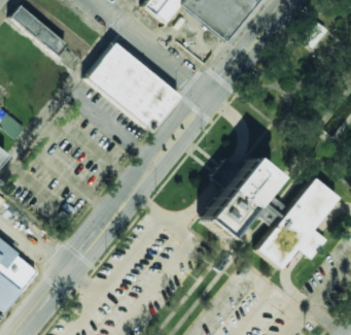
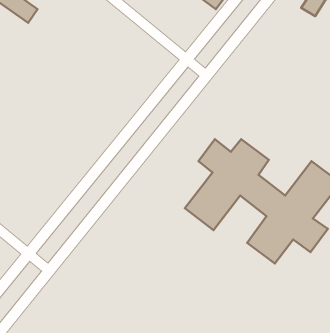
building: [85,42,181,131] -> none

